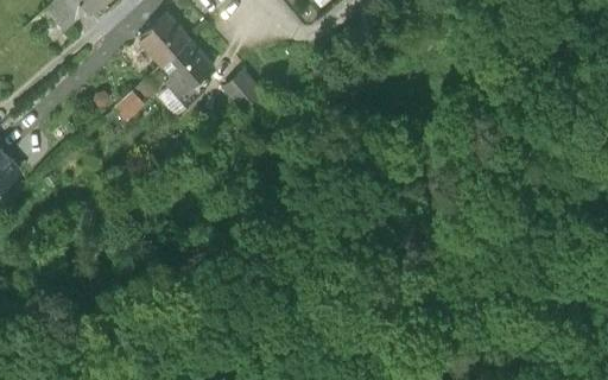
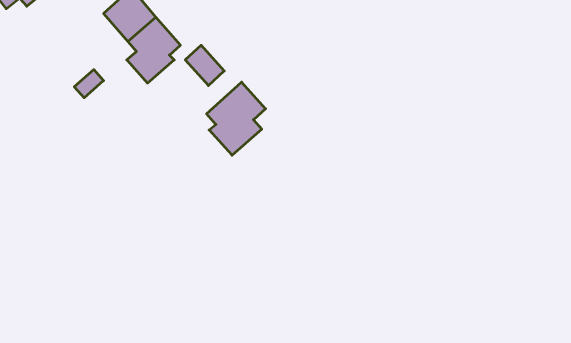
building: none -> [207,82,266,155]

